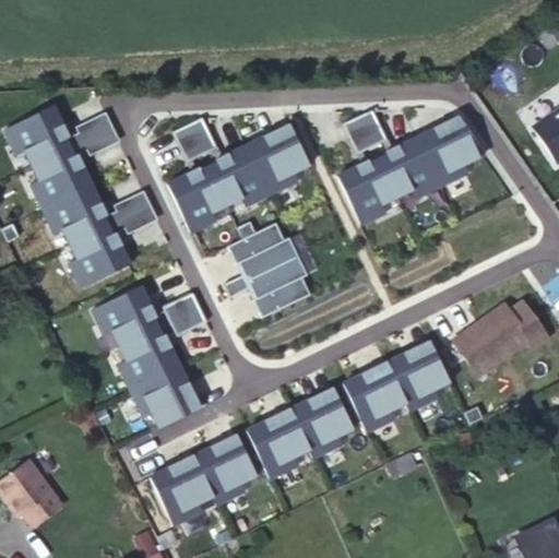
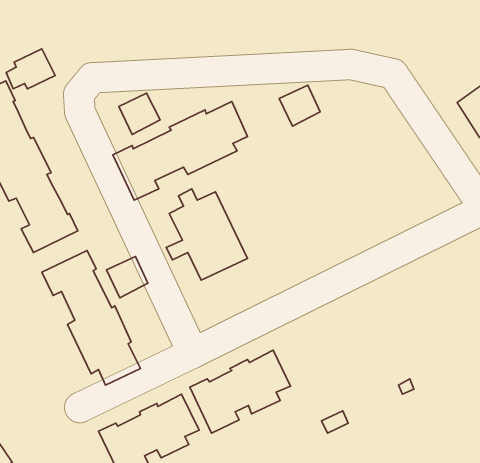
building: [67,111,119,154] -> [6,49,55,89]
building: [338,119,481,223] -> none
building: [104,190,156,233] -> none
building: [455,301,550,375] -> none
building: [345,344,452,431] -> none

